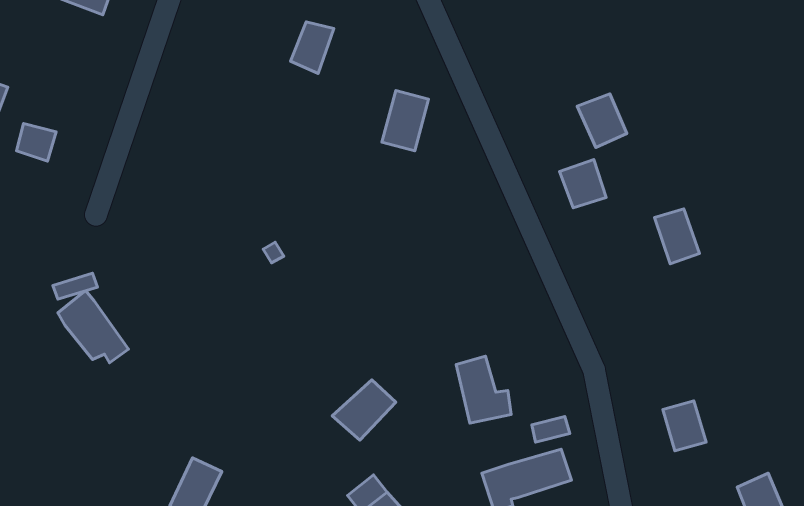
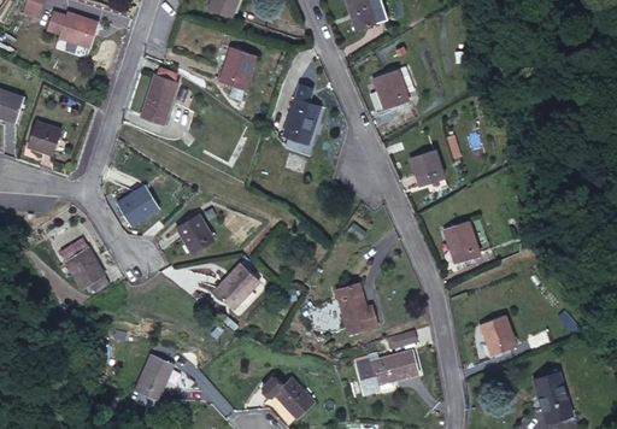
building: none -> [140,77,177,122]
building: [577,94,627,147] -> [370,72,405,110]
building: [655,209,699,264] -> [446,222,477,260]
building: none -> [117,186,155,222]
building: none -> [177,218,211,252]
building: [332,380,396,440] -> [213,265,258,307]

